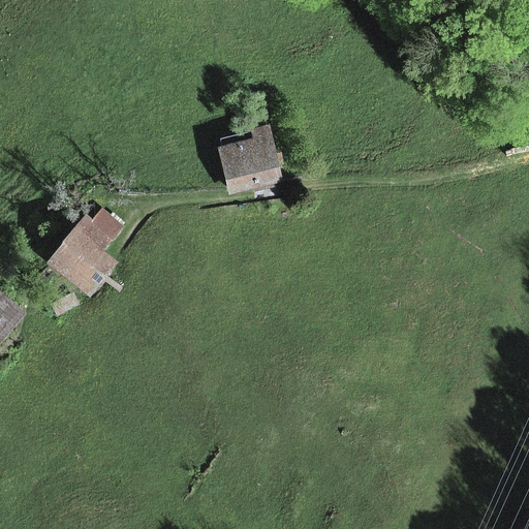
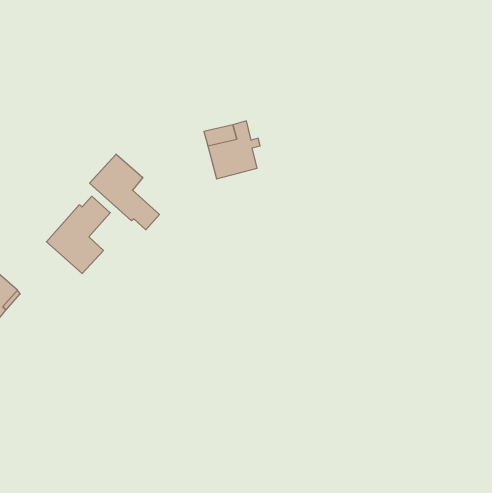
building: none -> [90,154,159,230]

